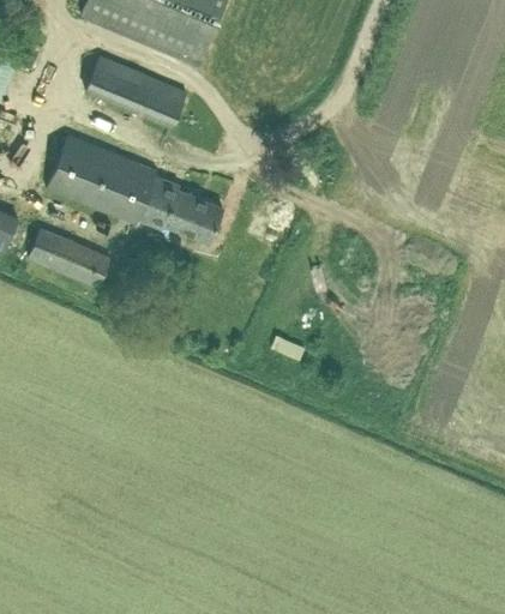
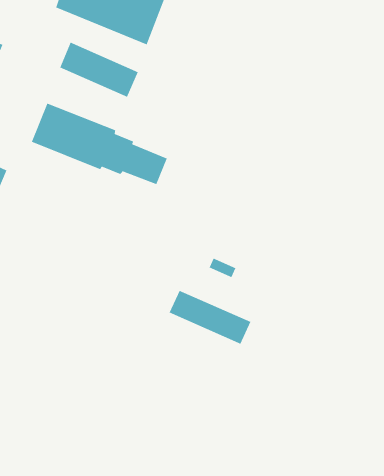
building: [26,229,108,288] -> none
building: none -> [169,290,251,345]

